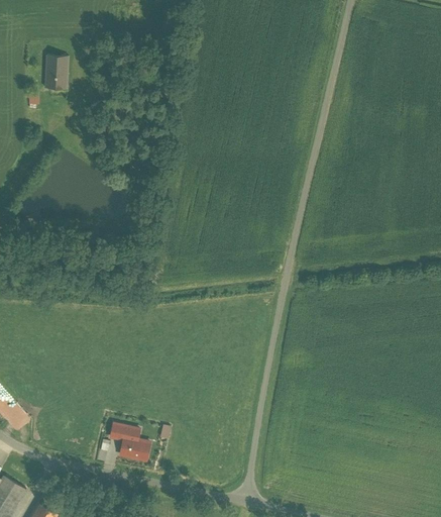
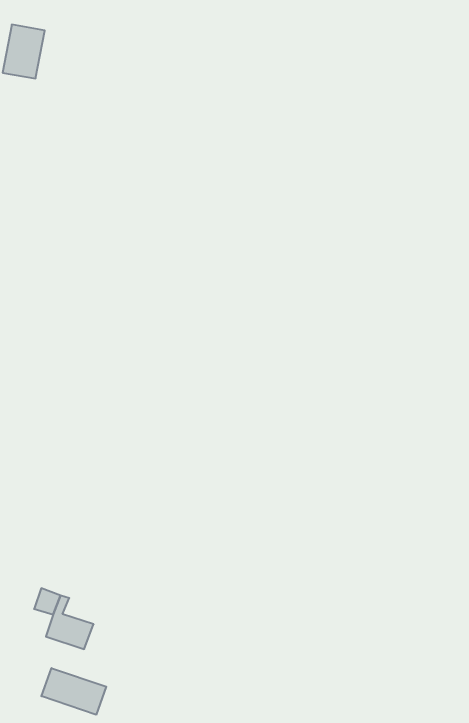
building: none -> [41,668,106,715]

